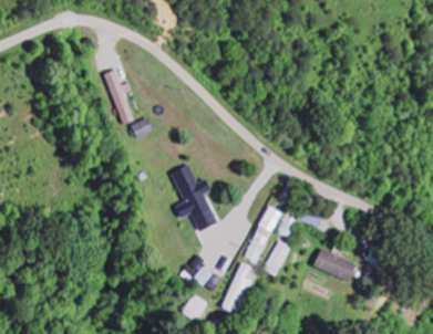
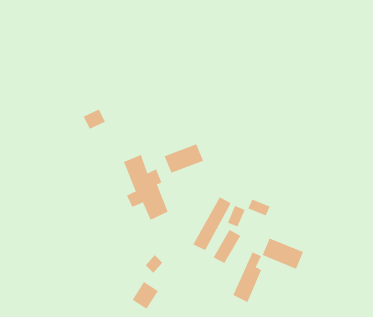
building: [103,70,133,124] -> none
building: none -> [164,143,204,174]
building: [220,262,250,314] -> [233,252,262,303]

